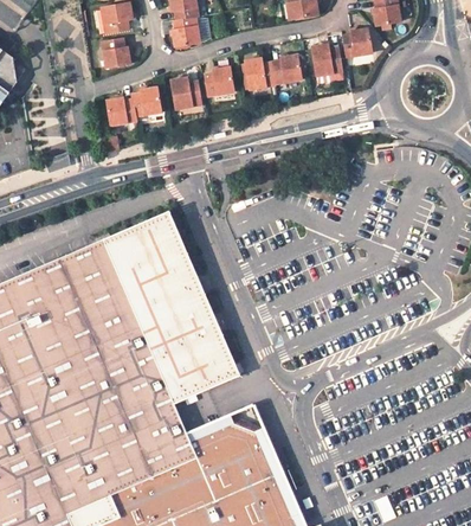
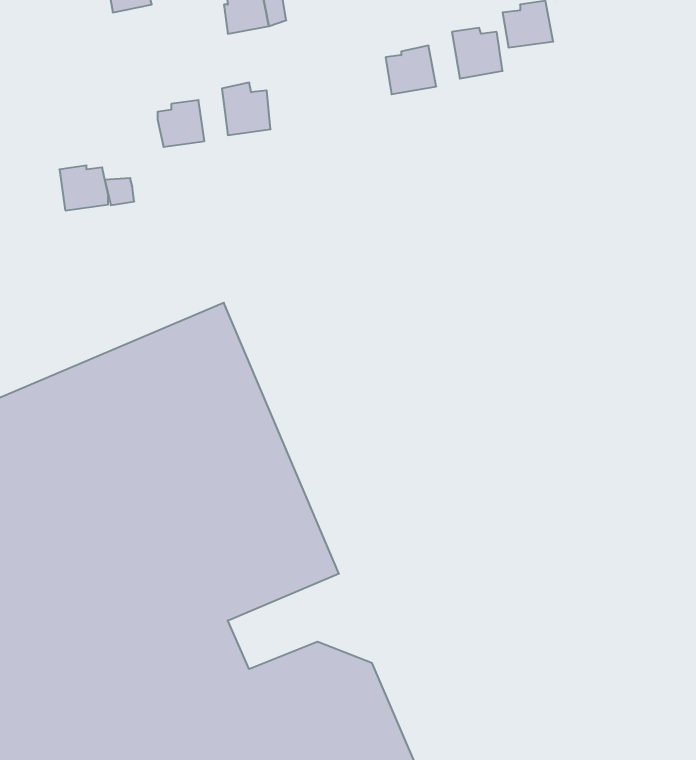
building: [101,38,129,68] -> none
building: [245,57,275,91] -> none
building: [205,66,234,95] -> none
building: [107,97,136,124] -> [59,166,108,210]

